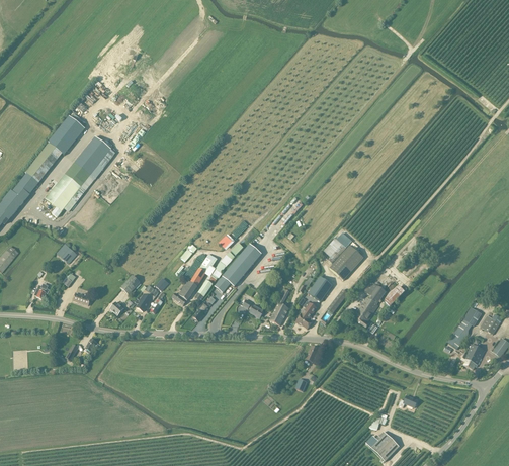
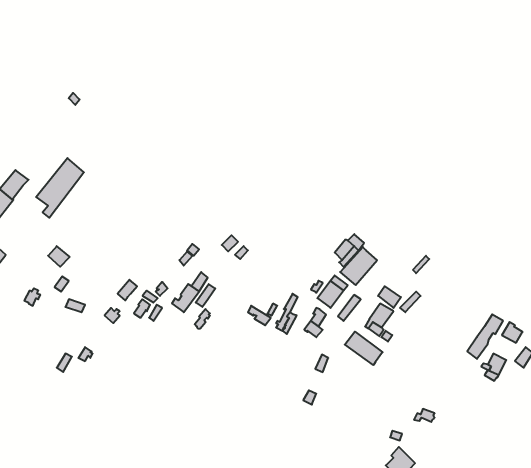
building: [48,115,85,155] -> none
building: [75,136,110,175] -> none
building: [215,244,261,292] -> none
building: none -> [345,332,383,365]

